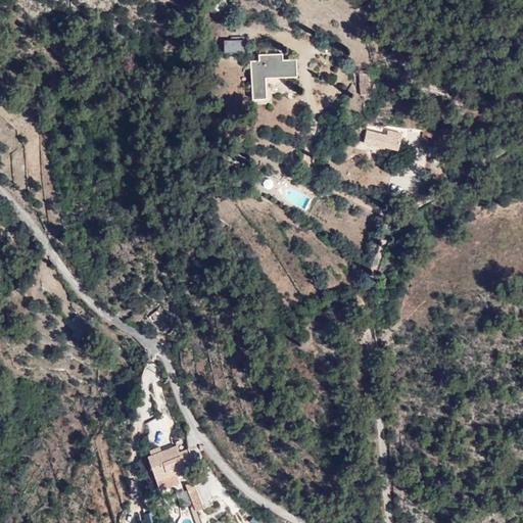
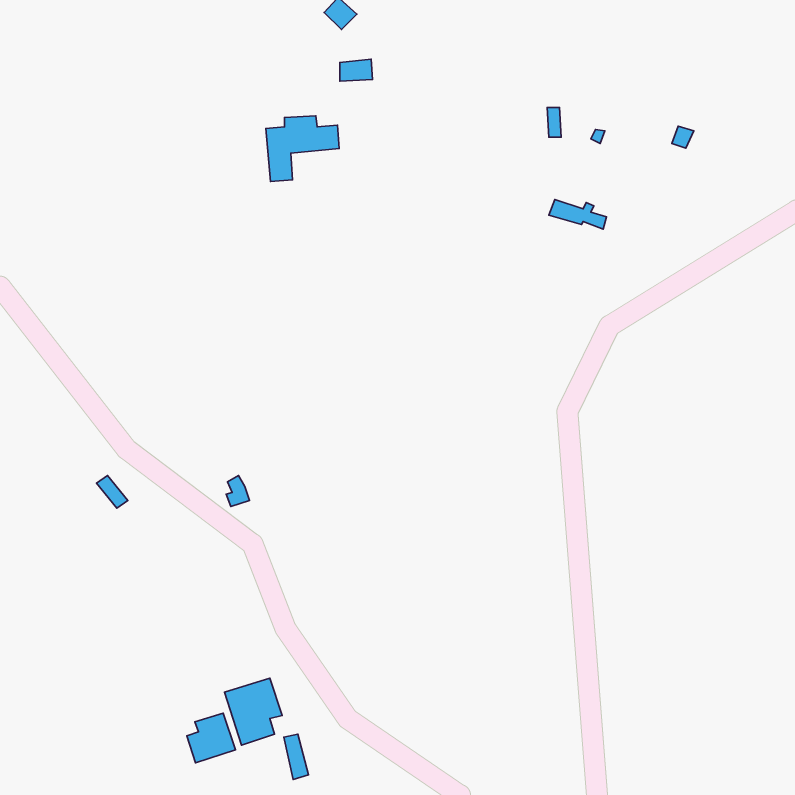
building: [248,55,296,98] -> [266,116,339,181]
building: none -> [187,713,235,763]

